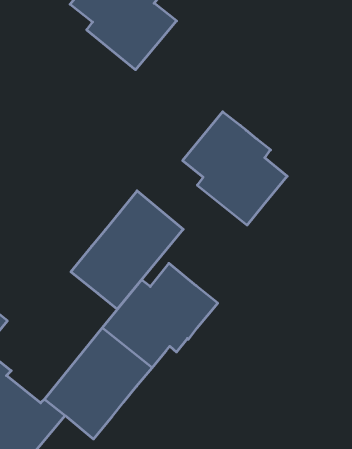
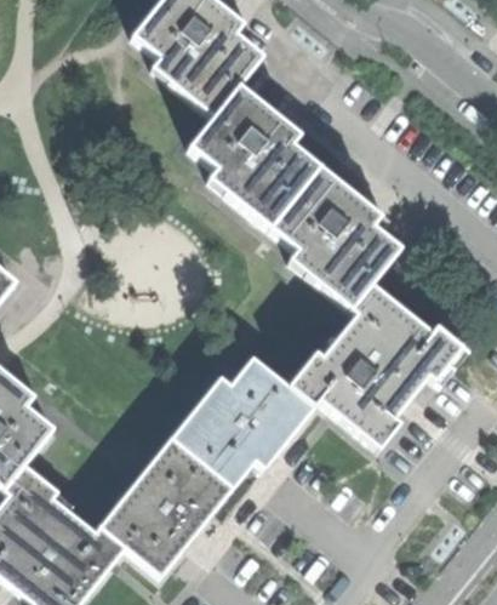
building: none -> [189,86,321,229]
building: [71,191,183,309] -> none
building: none -> [289,284,462,449]

